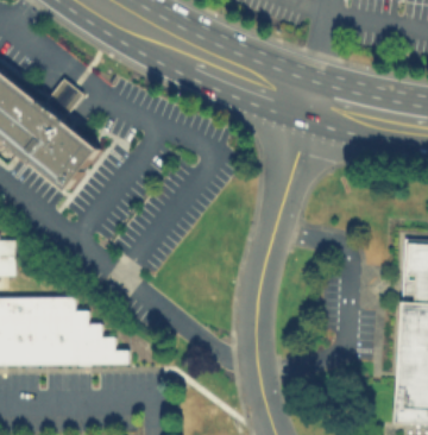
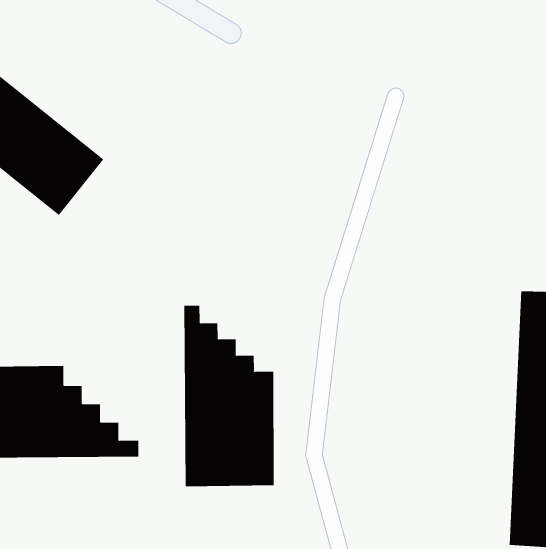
building: none -> [184,305,274,487]

